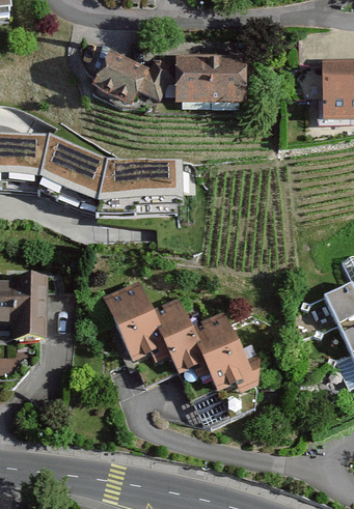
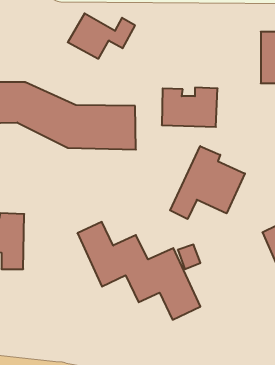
building: [178,58,244,105] -> [162,88,218,127]
building: none -> [170,146,245,219]

